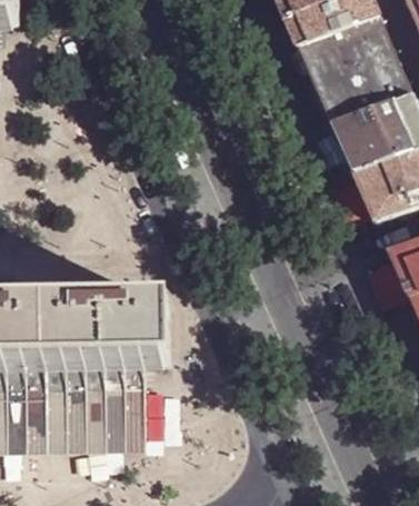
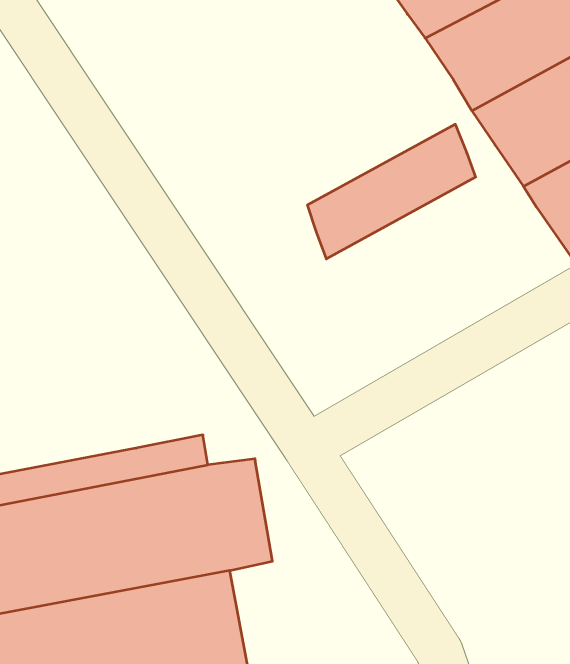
building: none -> [308,124,476,259]

